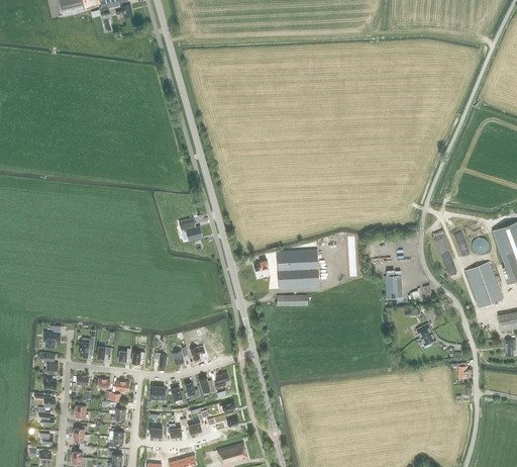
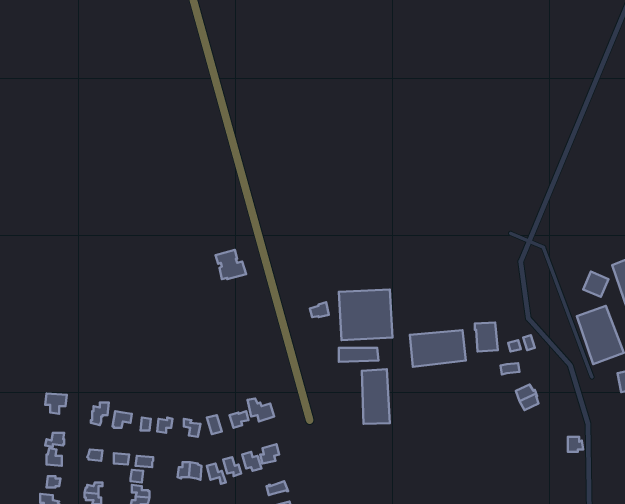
building: none -> [410,330,466,367]
building: none -> [362,369,390,424]

